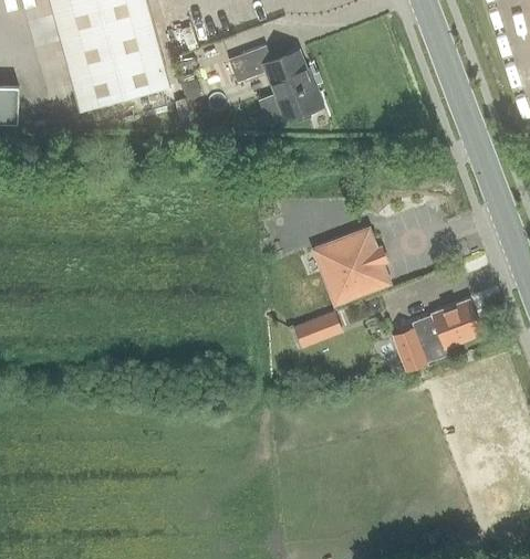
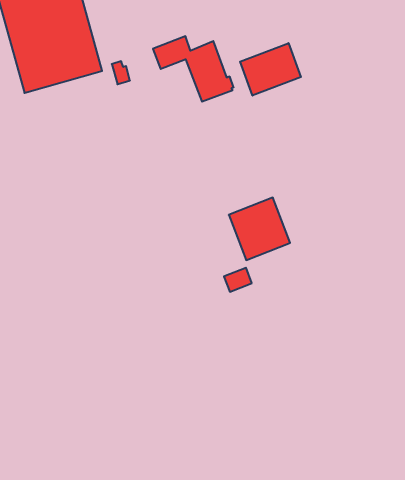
building: none -> [240,43,301,96]
building: [393,303,480,370] -> none

